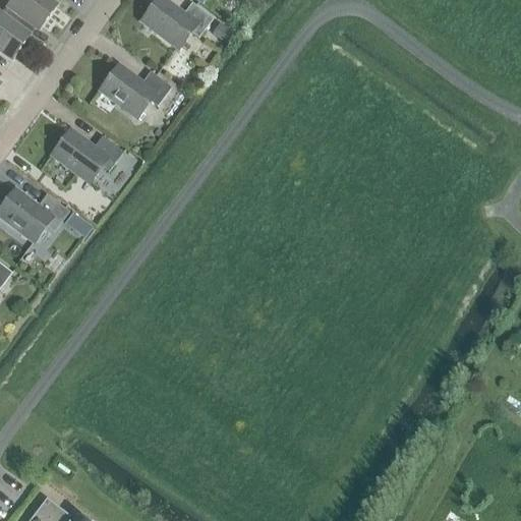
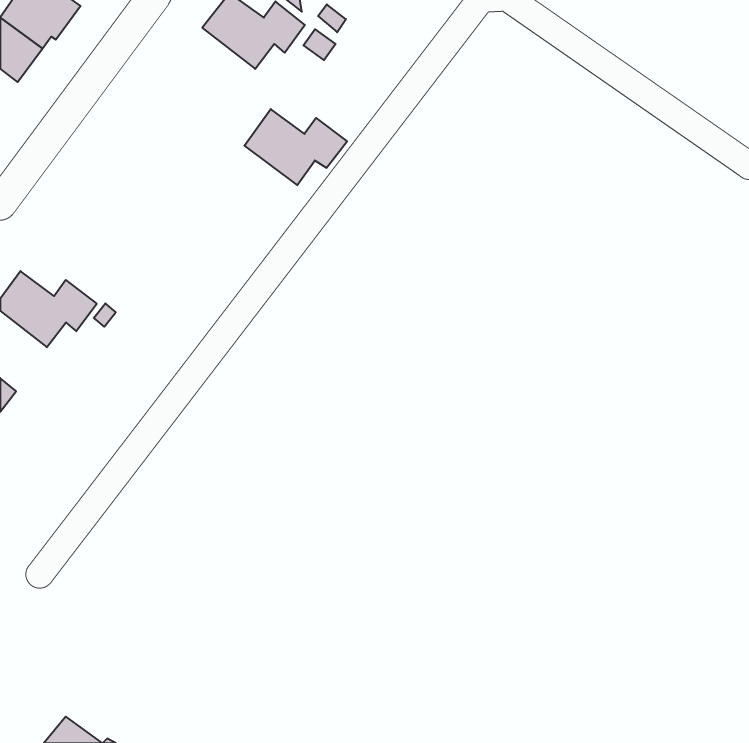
building: [100,64,171,117] -> [244,109,347,185]
building: [51,128,122,181] -> none

